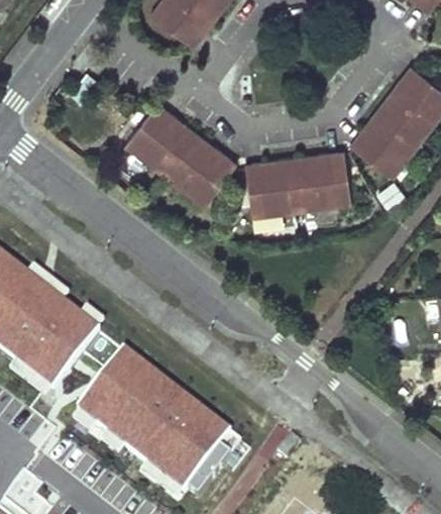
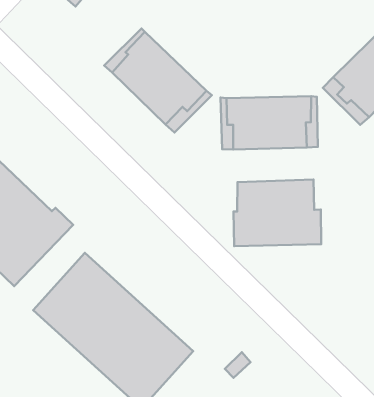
building: none -> [234,180,321,246]

